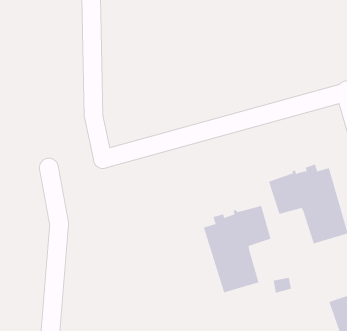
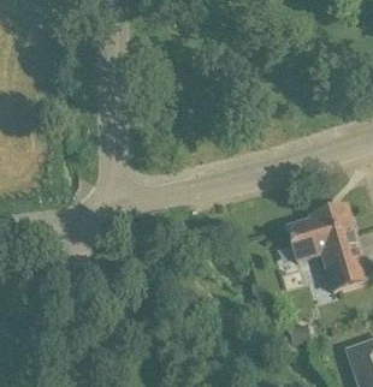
building: [203,205,271,293] -> none

